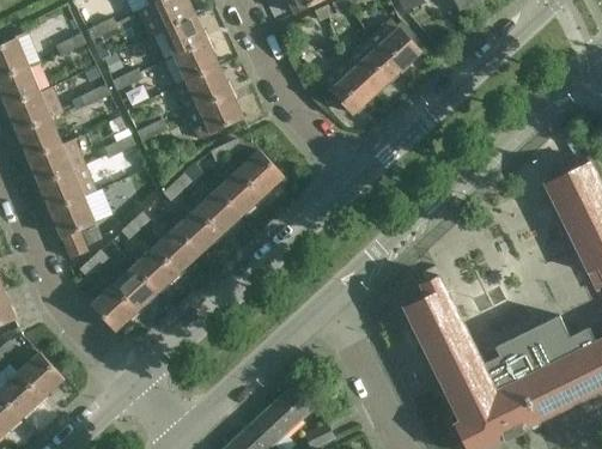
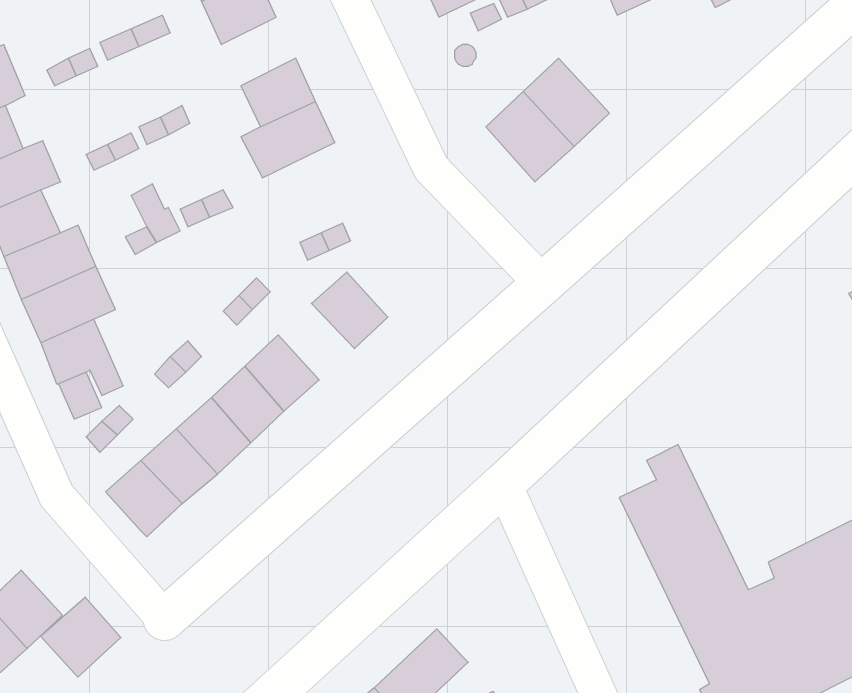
building: [160,14,206,56] -> none
building: [366,19,420,73] -> none
building: [186,91,243,140] -> none
building: [237,151,284,198] -> none
building: [195,189,242,236] -> none
building: none -> [40,597,121,677]

